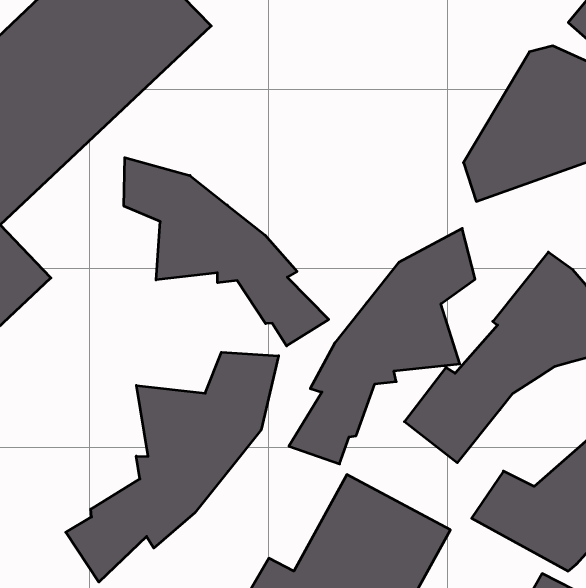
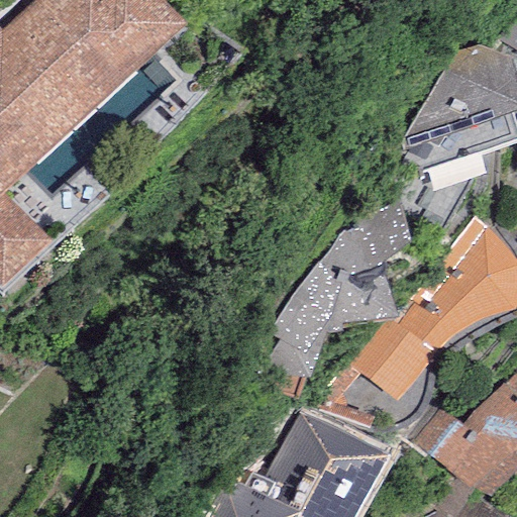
building: [124,158,329,346] -> none
building: [66,352,279,582] -> none

